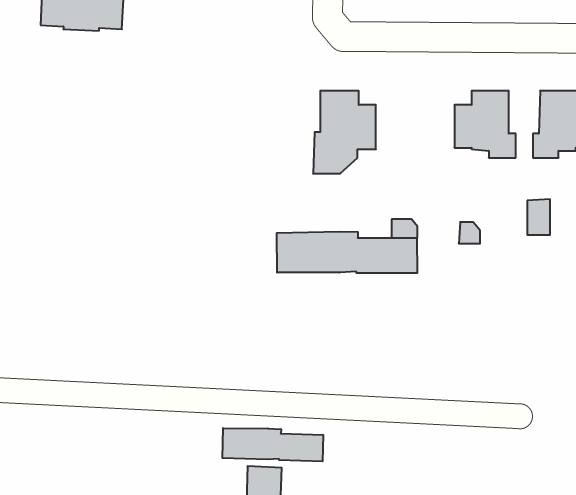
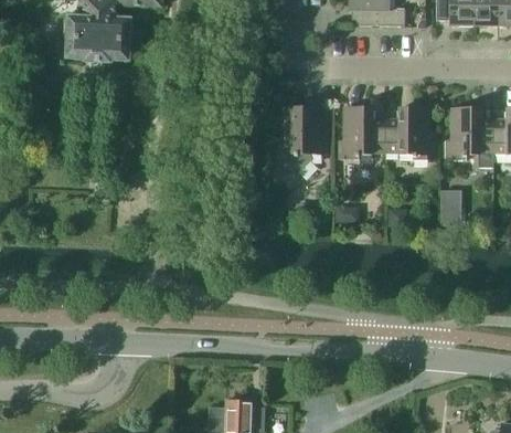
building: none -> [339,107,386,158]
building: [277,232,417,273] -> none
building: [222,428,323,461] -> none

